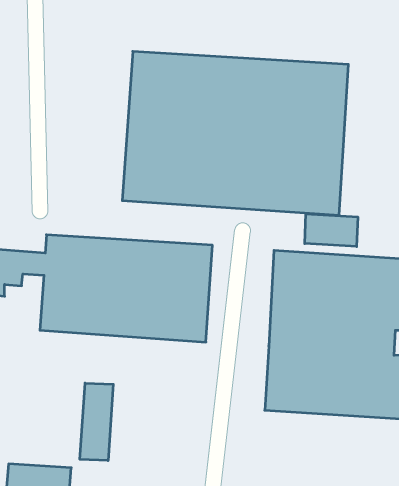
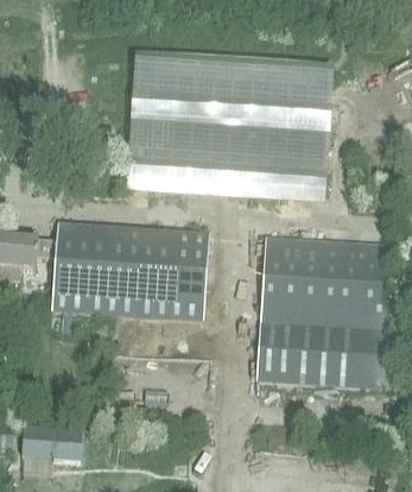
building: [305,214,358,247] -> none
building: [80,383,113,461] -> none

